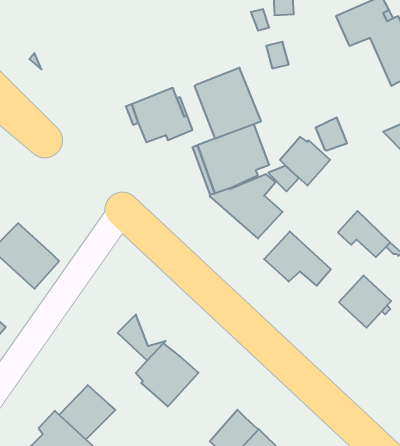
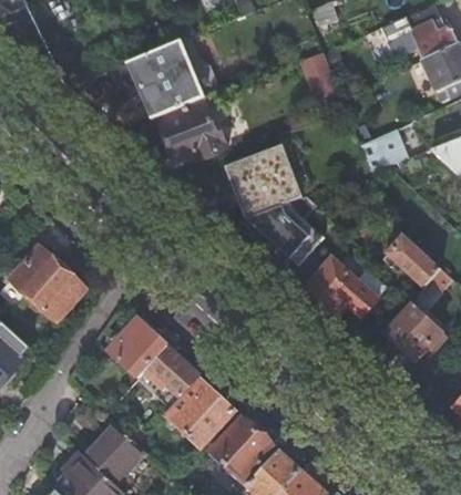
building: [194,68,261,138] -> [131,41,203,117]
building: [280,137,330,186] -> none
building: none -> [107,320,166,378]
building: none -> [208,419,273,482]

